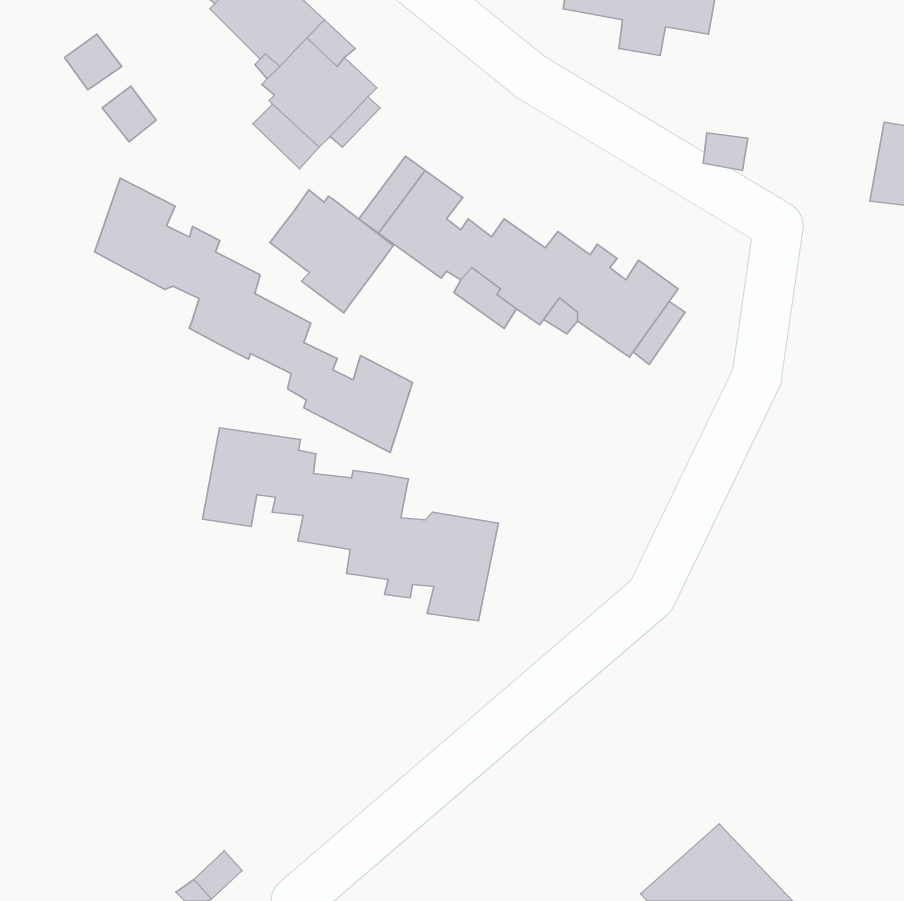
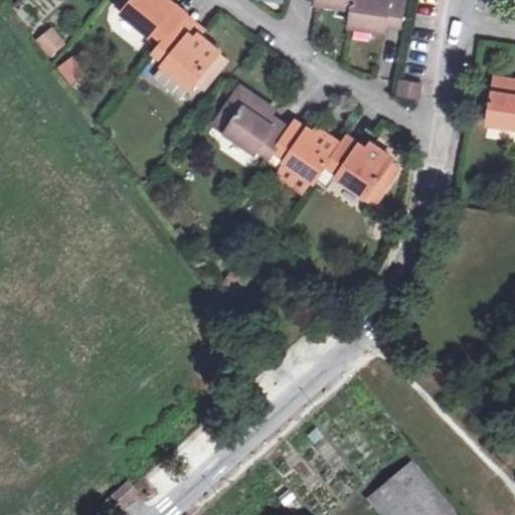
building: [94,178,412,453] -> none
building: [270,190,393,313] -> none
building: [202,428,498,621] -> none

